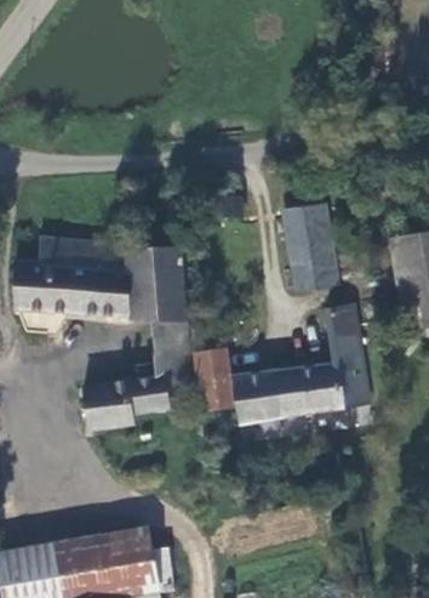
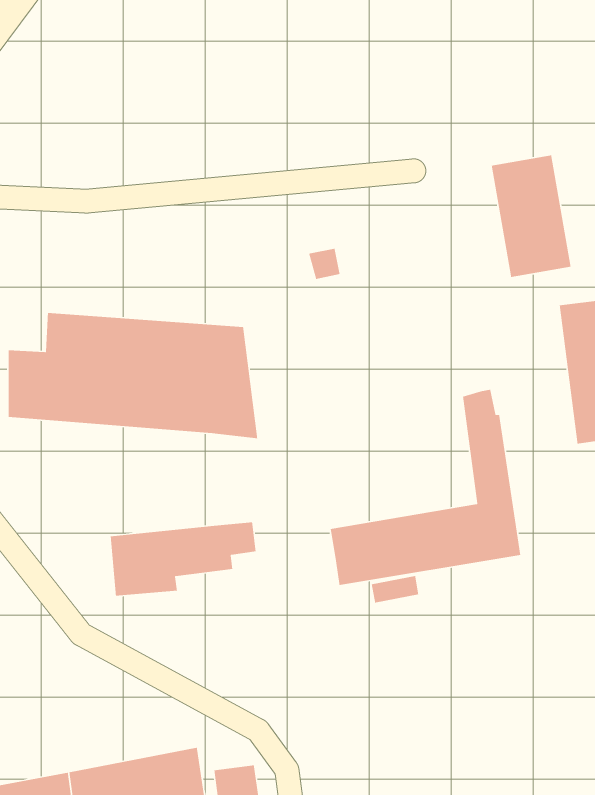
building: [281,204,336,287] -> [491,154,571,278]
building: [155,319,191,381] -> none
building: [195,352,239,411] -> none

